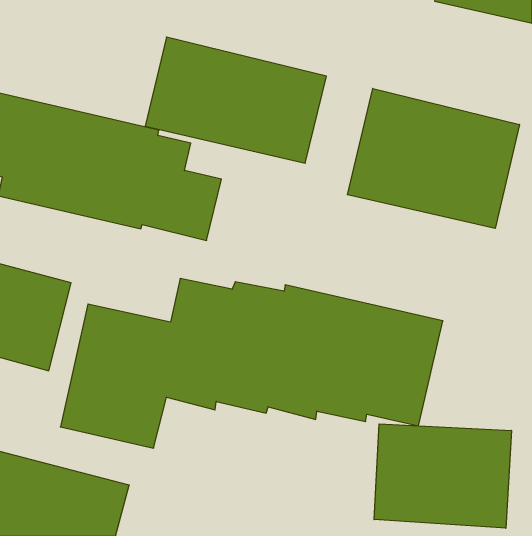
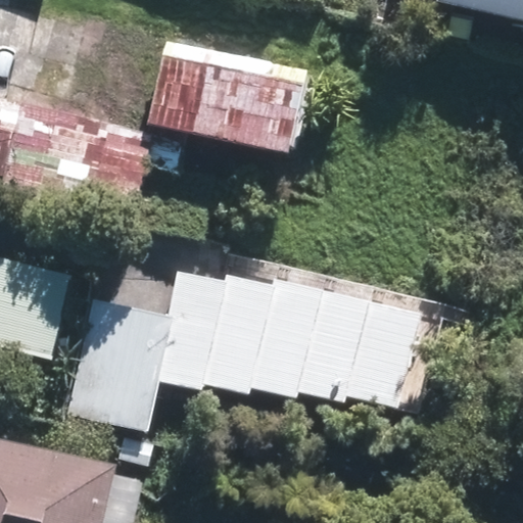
building: [347,88,519,228] -> none
building: [374,424,511,528] -> none

